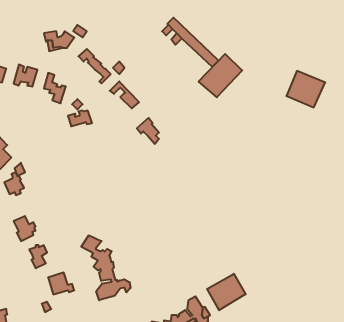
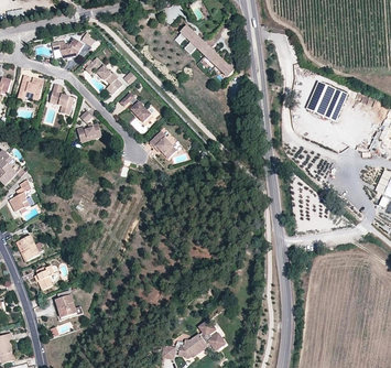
building: [199,54,242,97] -> none
building: [81,235,131,300] -> none
building: [207,274,246,310] -> none

